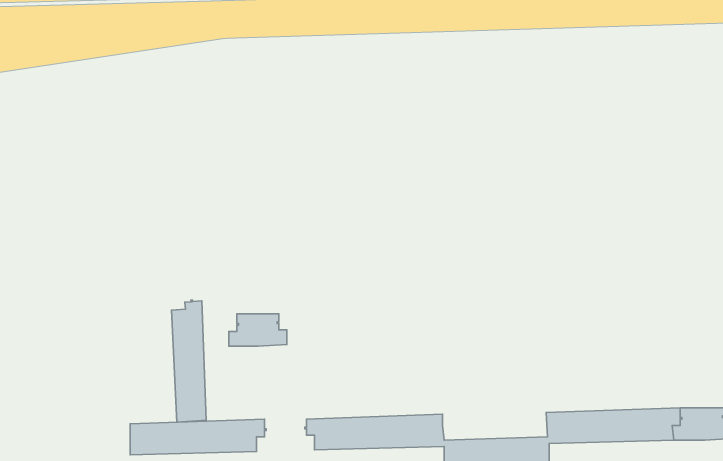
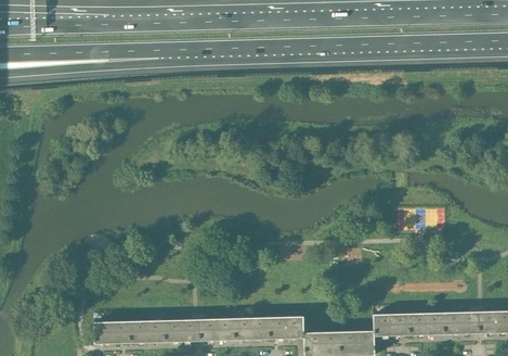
building: [172,300,206,422] -> none
building: [229,314,287,346] -> [179,319,218,341]

